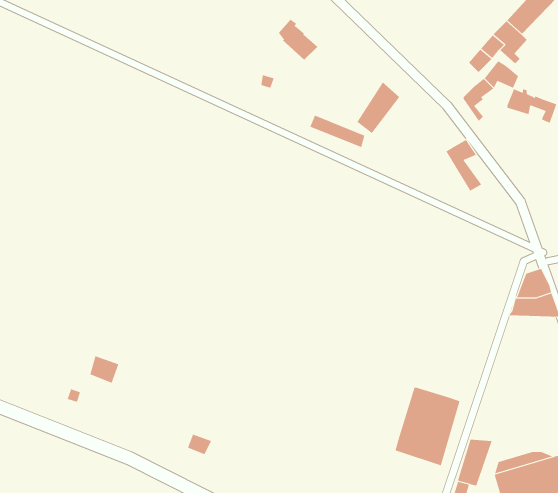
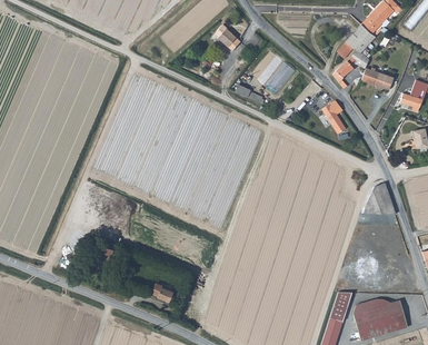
building: [395,387,460,466] -> none

